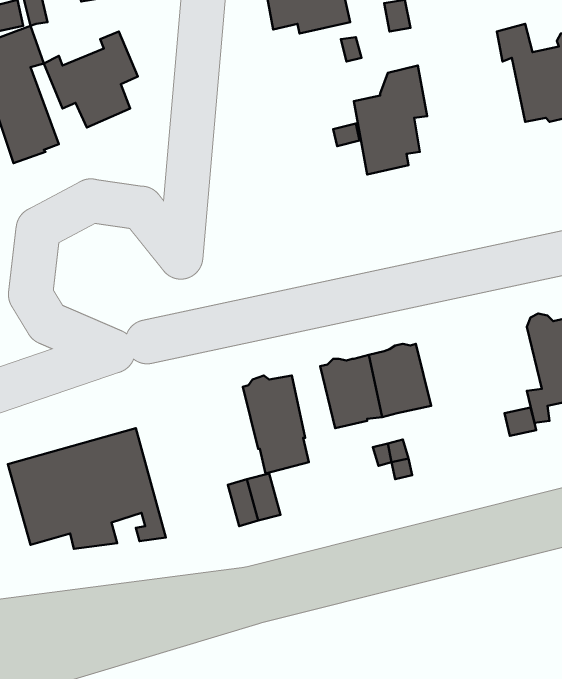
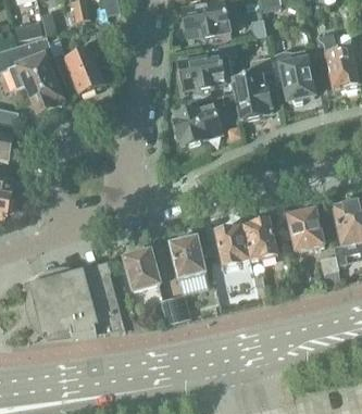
building: none -> [272,50,314,103]
building: none -> [177,53,225,90]
building: none -> [173,103,221,147]
building: none -> [287,209,324,252]
building: none -> [124,248,160,291]

